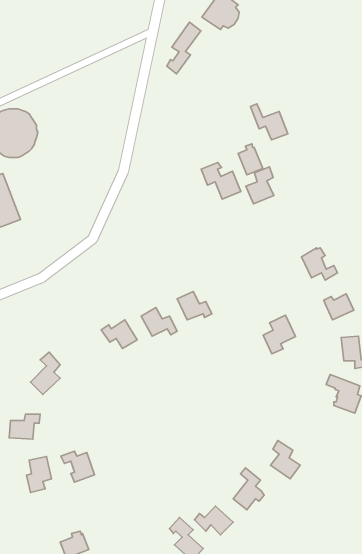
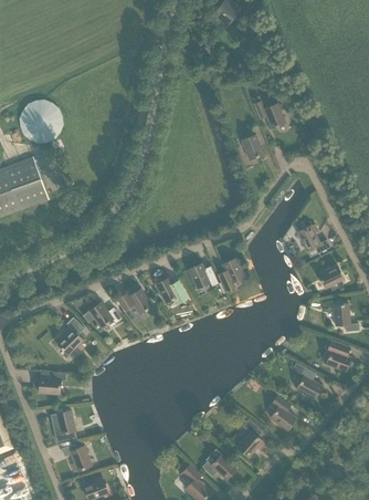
building: [167,22,201,74] -> none
building: [201,163,241,199] -> none
building: [246,167,274,204] -> none
building: [263,315,295,354] -> [215,257,244,291]
building: none -> [87,301,120,327]
building: none -> [291,362,321,398]
building: [61,451,94,482] -> [61,444,91,471]

